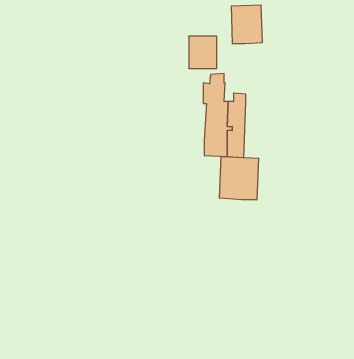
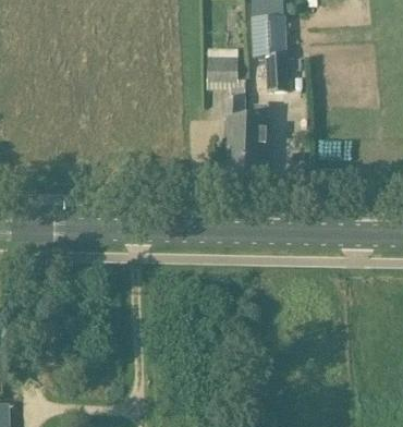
building: none -> [266,53,285,90]
building: [220,157,258,200] -> none

